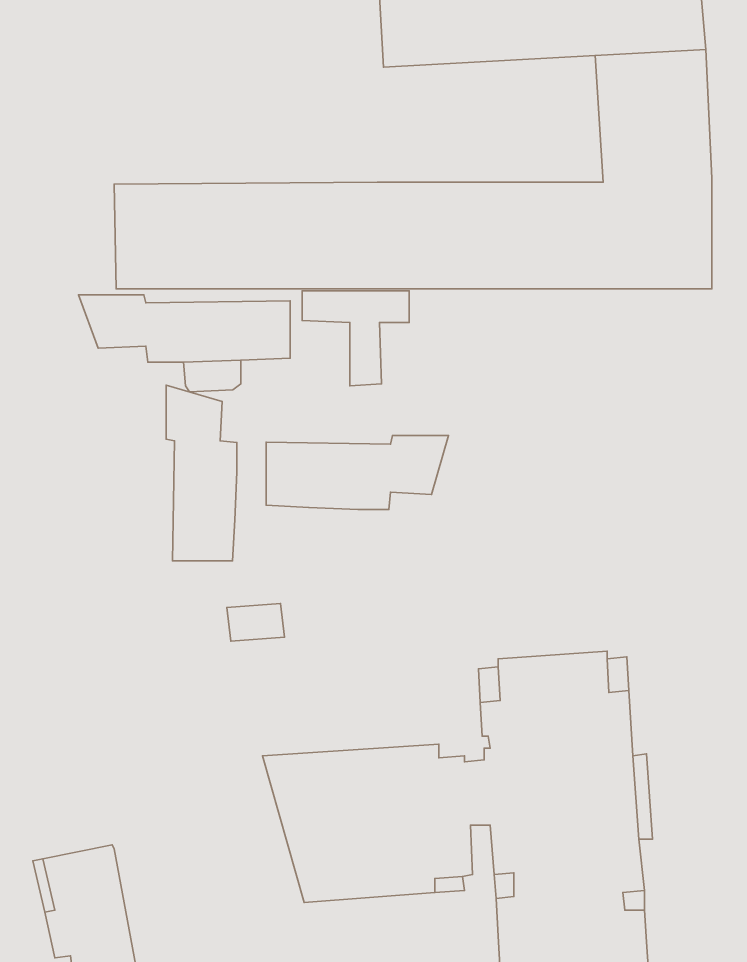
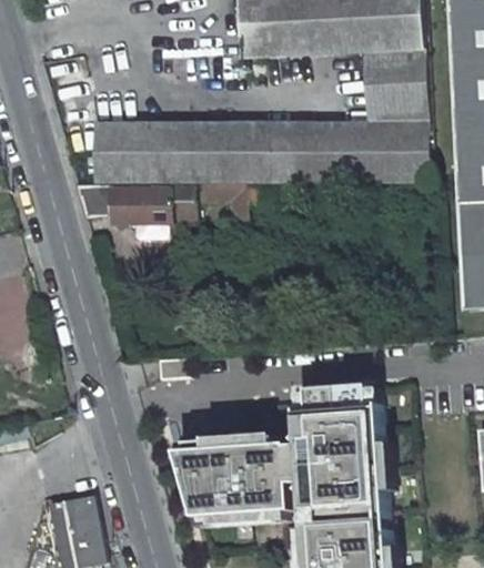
building: [166,385,237,561] -> none
building: [266,436,449,510] -> none

